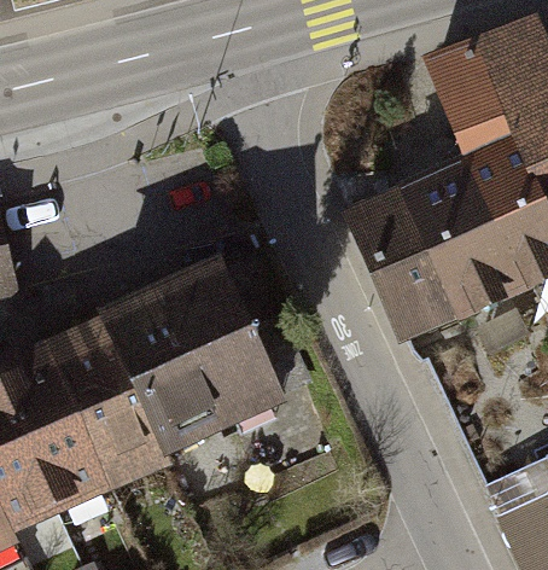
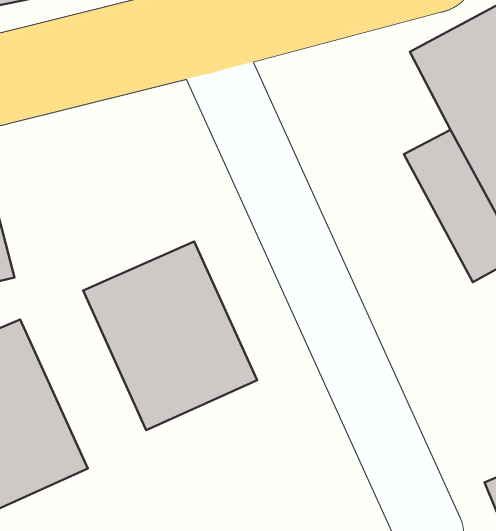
building: [338,170,496,349] -> none
building: [28,312,163,496] -> none

